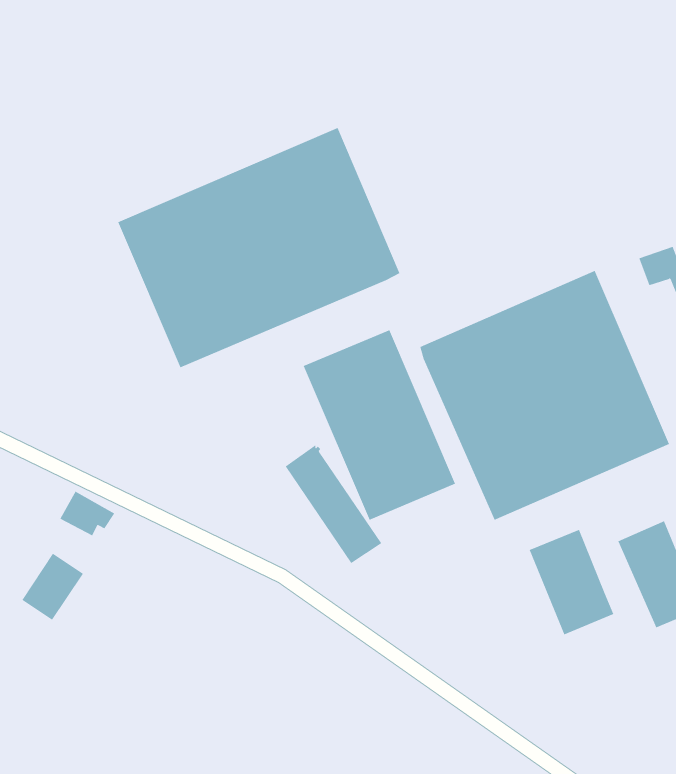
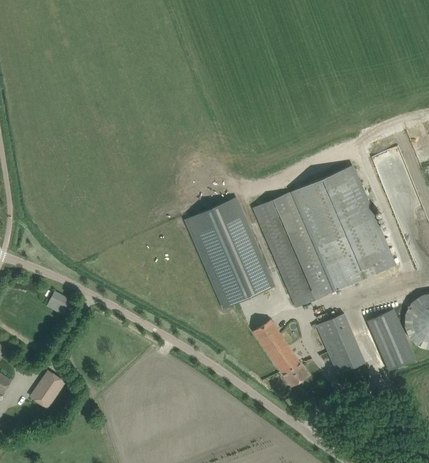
building: [118,127,400,368] -> none
building: [285,444,382,564] -> [252,318,308,387]
building: [21,553,84,621] -> [29,369,65,408]

